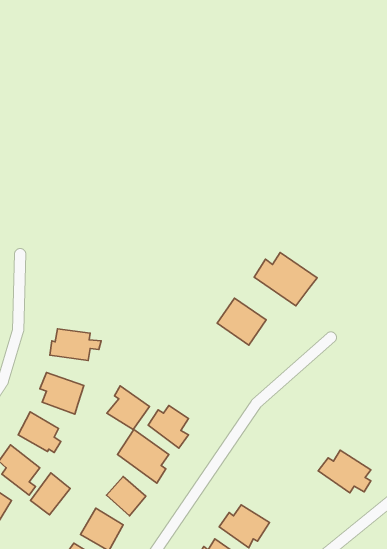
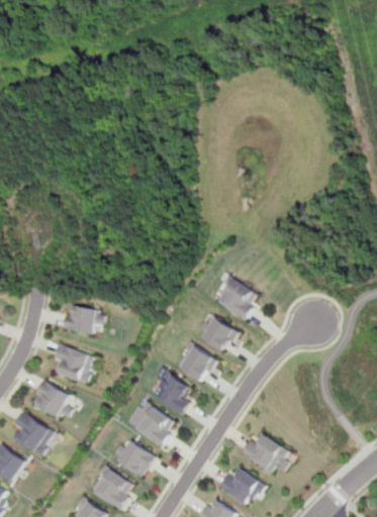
building: [254,253,317,306] -> none
building: none -> [200,313,241,351]
building: [107,386,150,430] -> [179,340,218,381]
building: [318,450,371,493] -> [243,432,291,472]
building: [31,473,70,515] -> none

